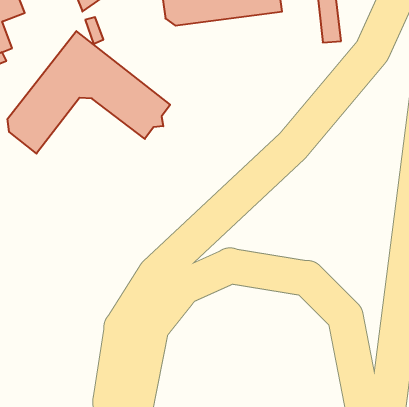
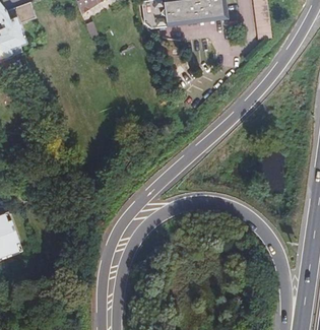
building: [7,31,170,154] -> none

